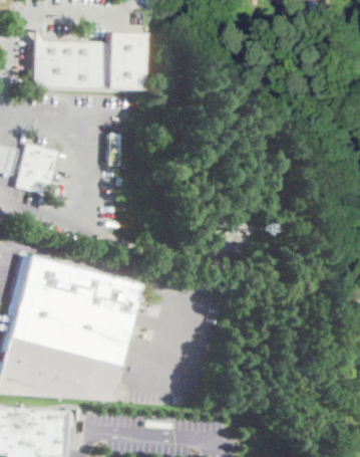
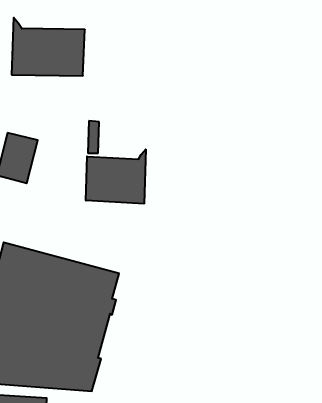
building: [101,30,140,87] -> none
building: none -> [86,149,146,204]

